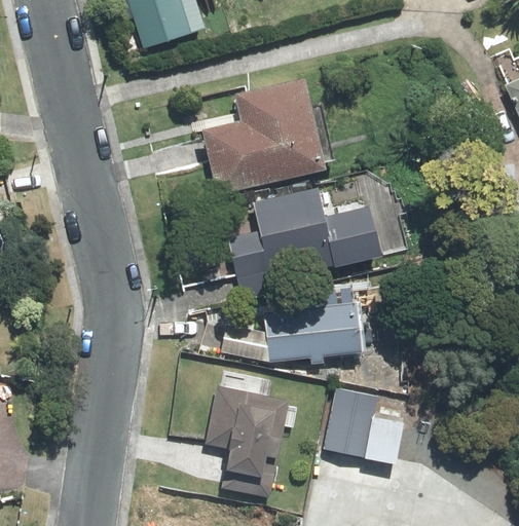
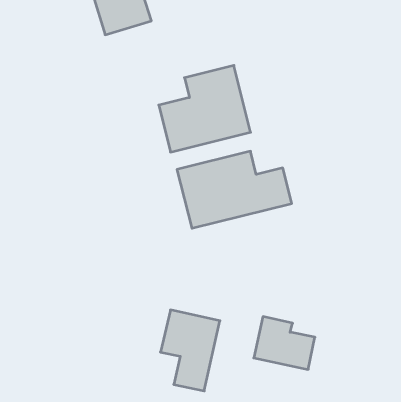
building: [226,303,358,361] -> none

